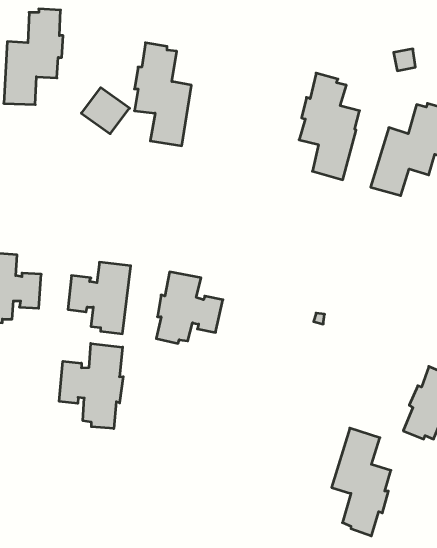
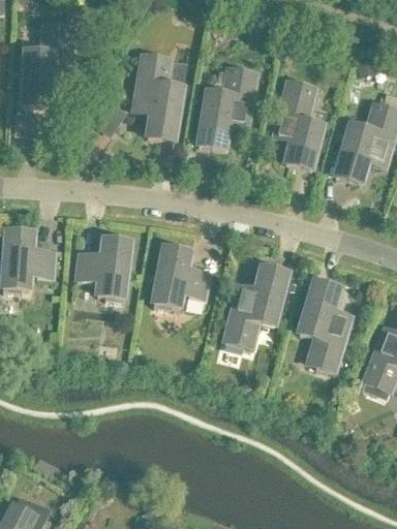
building: none -> [198,67,255,148]
building: none -> [223,267,287,346]
building: [59,343,123,429] -> none
building: [332,428,391,536] -> [299,280,349,372]

